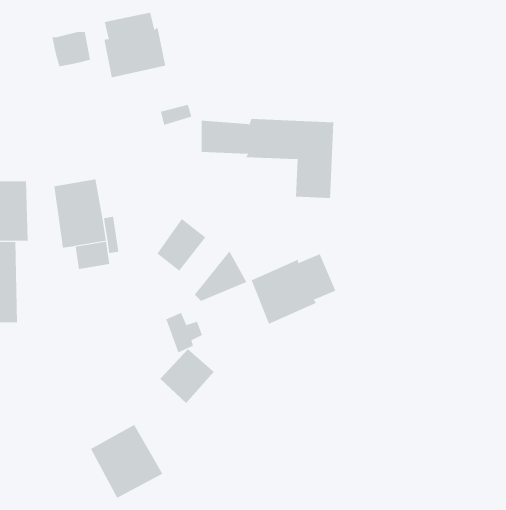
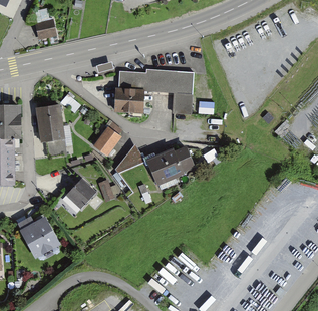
building: [104,12,166,78] -> none
building: none -> [113,87,144,112]
building: [159,349,214,404] -> [65,178,96,209]
building: [90,424,163,499] -> [19,216,60,258]

